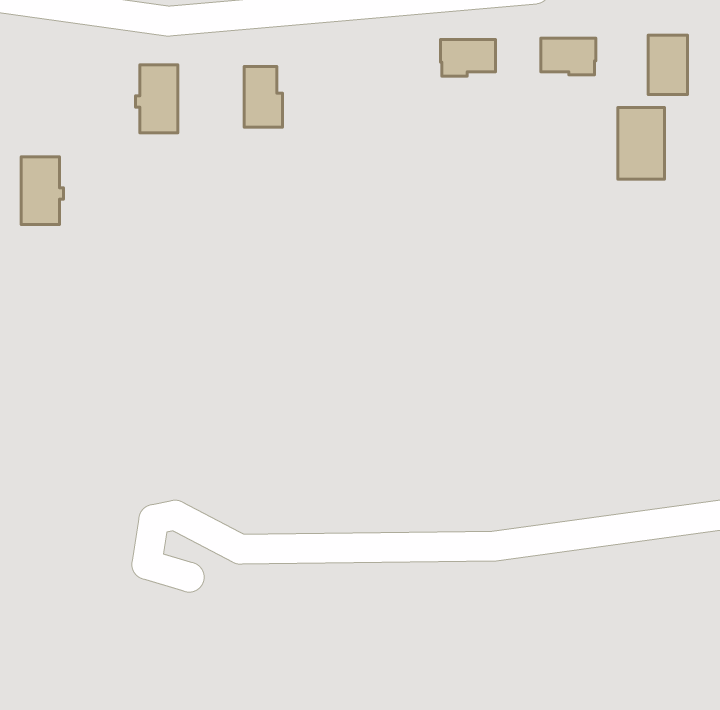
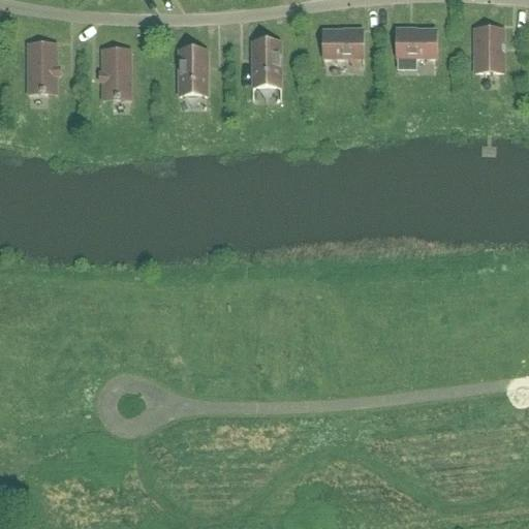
building: none -> [252,39,280,85]
building: [618,107,665,179] -> none
building: [21,157,64,225] -> [28,41,59,91]

